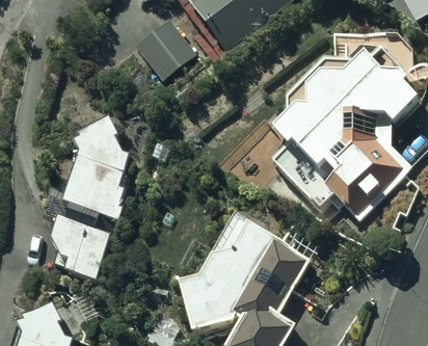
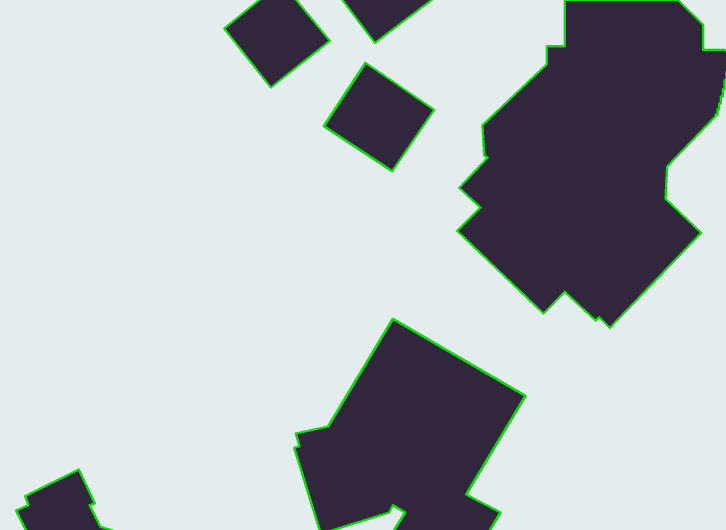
building: none -> [324,63,434,171]
building: [50,117,131,278] -> none

